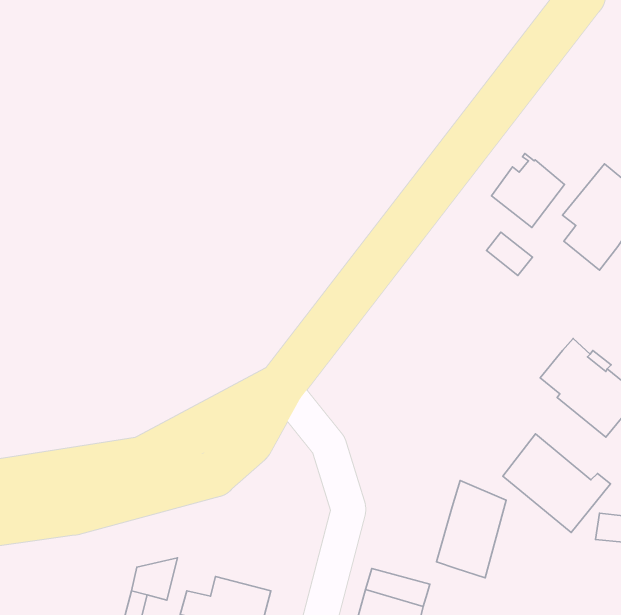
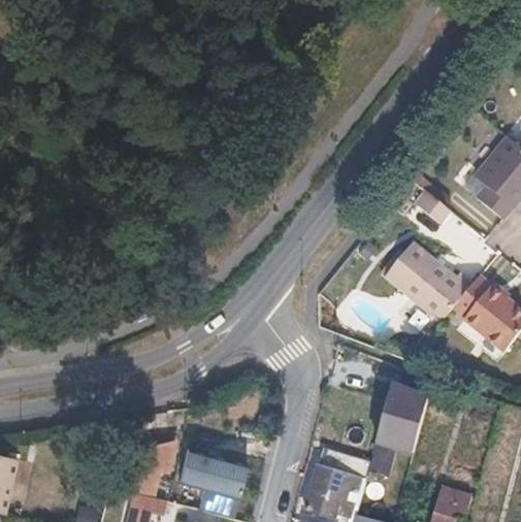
building: [491,154,564,228] -> none
building: [503,434,611,533] -> [388,241,473,319]

